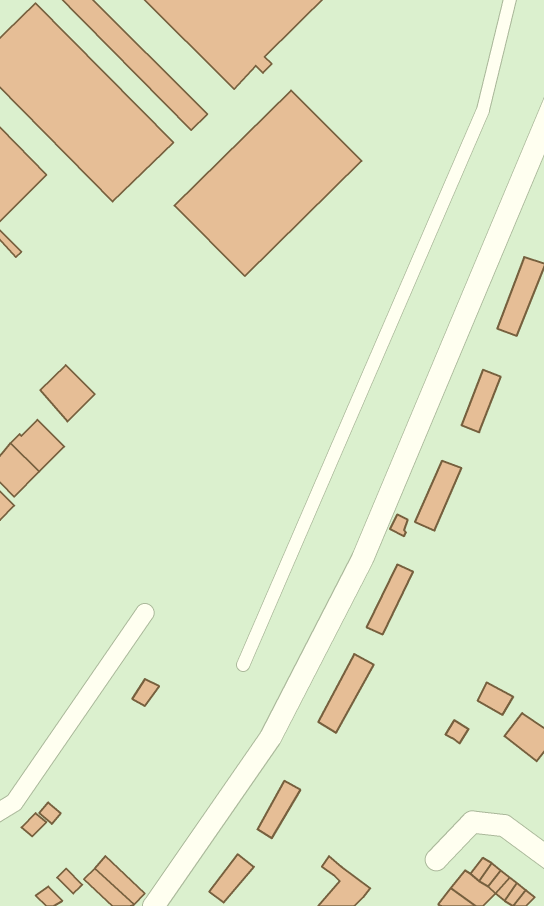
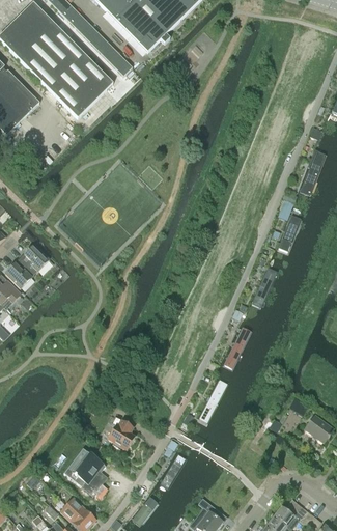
building: [174,90,362,276] -> none
building: [40,365,95,422] -> none
building: none -> [108,420,135,449]
building: none -> [67,447,107,495]

